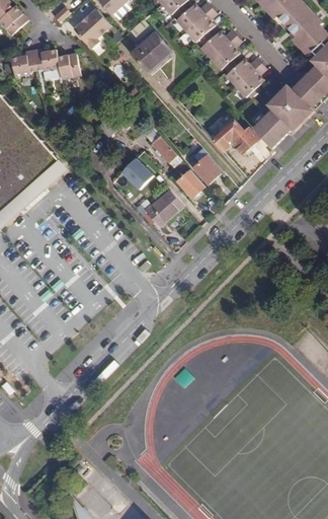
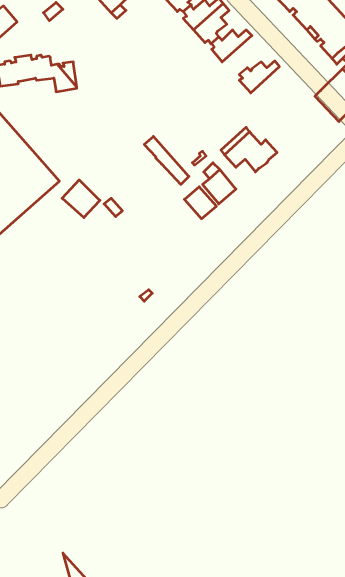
building: [73,9,110,49] -> none
building: [129,30,170,71] -> none
building: [209,34,240,69] -> none
building: [234,62,264,97] -> none
building: [251,84,312,147] -> none
building: [117,155,151,189] -> [62,180,100,218]
building: [137,196,178,231] -> none

